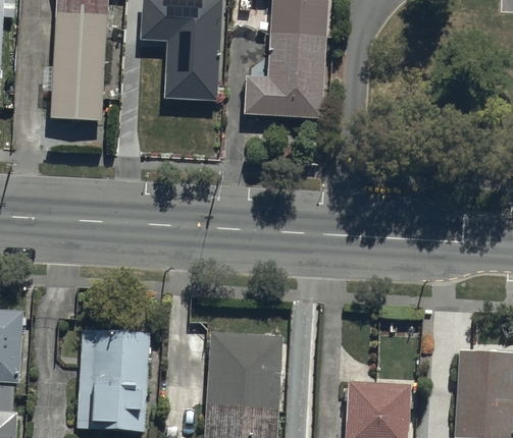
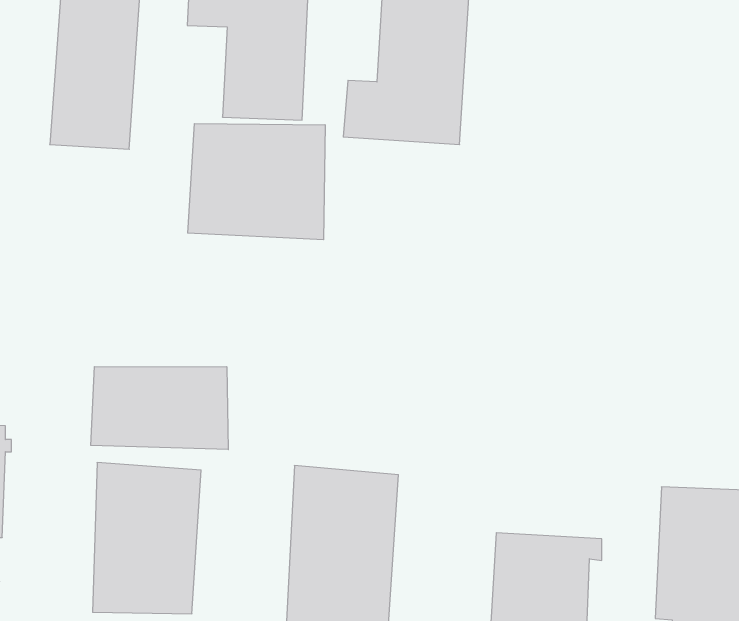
building: none -> [188,124,325,240]
building: none -> [91,367,228,450]

